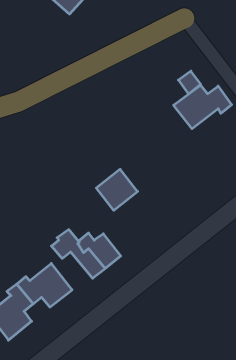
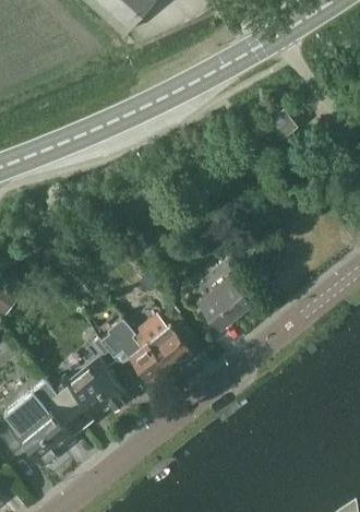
building: [174,85,232,129] -> none
building: [96,169,138,210] -> [195,275,250,330]

